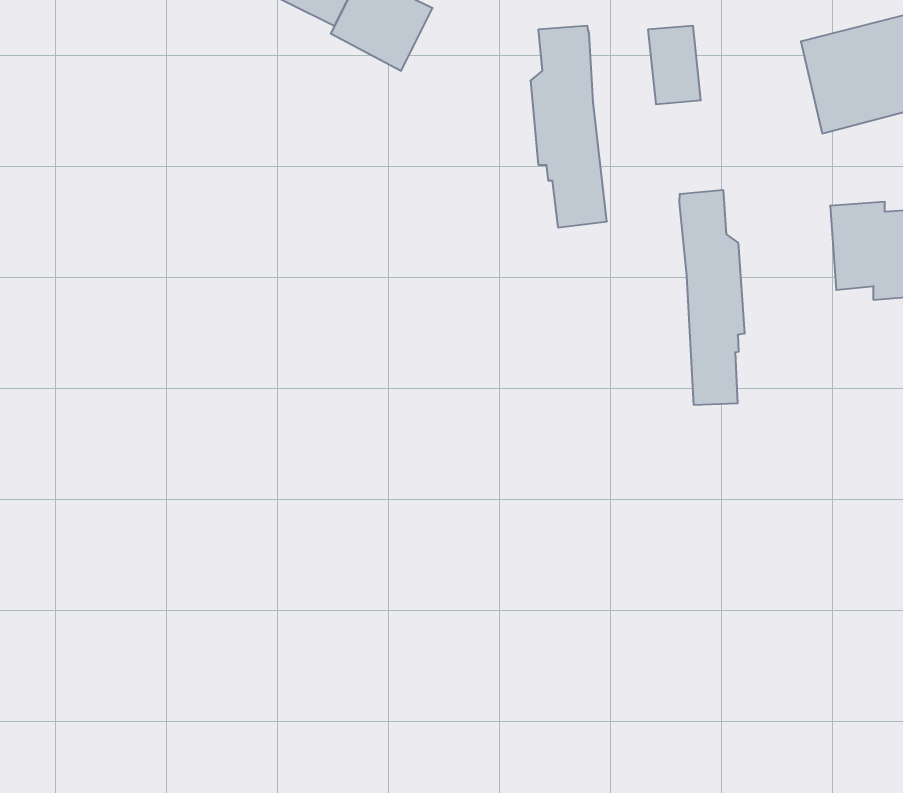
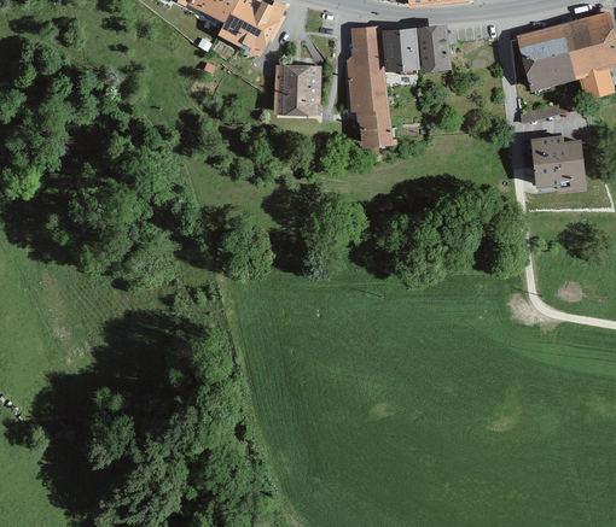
building: none -> [382,28,418,72]
building: none -> [274,62,320,117]
building: [679,190,745,405] -> none

